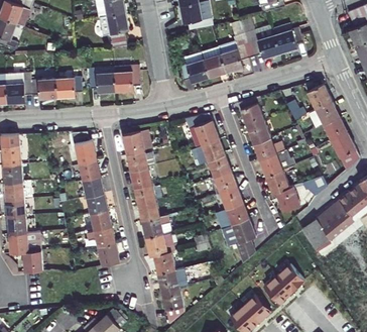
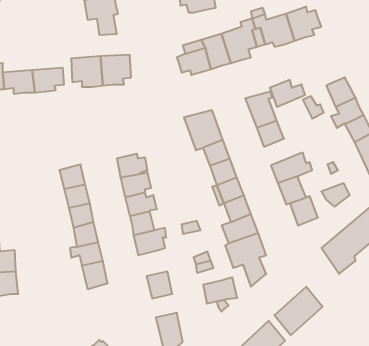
building: [122,130,150,154] -> none
building: [72,133,96,164] -> none
building: [253,137,283,160] -> [270,80,305,107]
building: [145,232,173,256] -> none
building: [157,268,187,291] -> [203,278,237,304]

